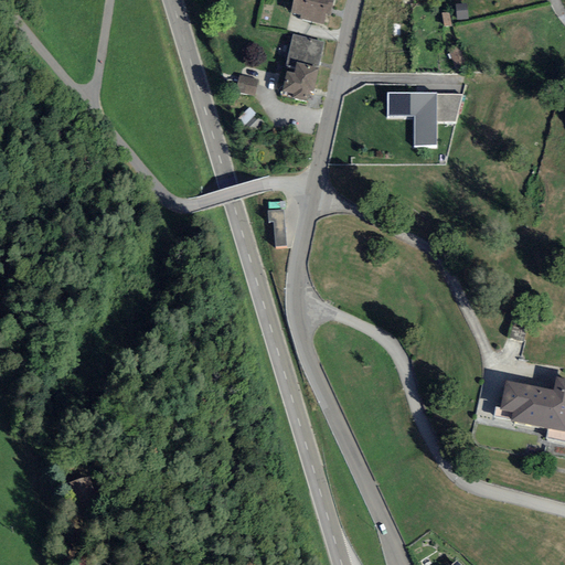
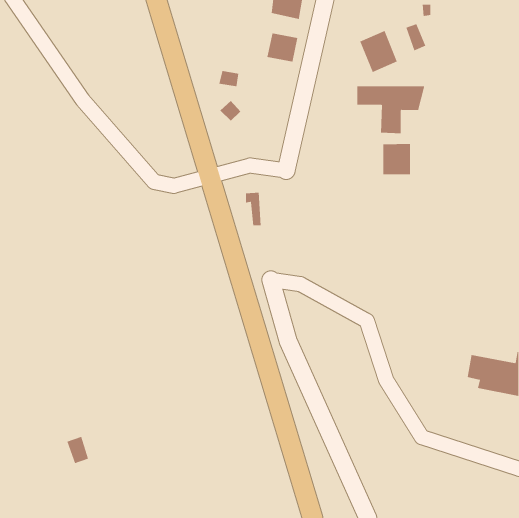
building: none -> [359,30,398,73]
building: [284,66,317,102] -> none
building: none -> [383,143,410,175]

